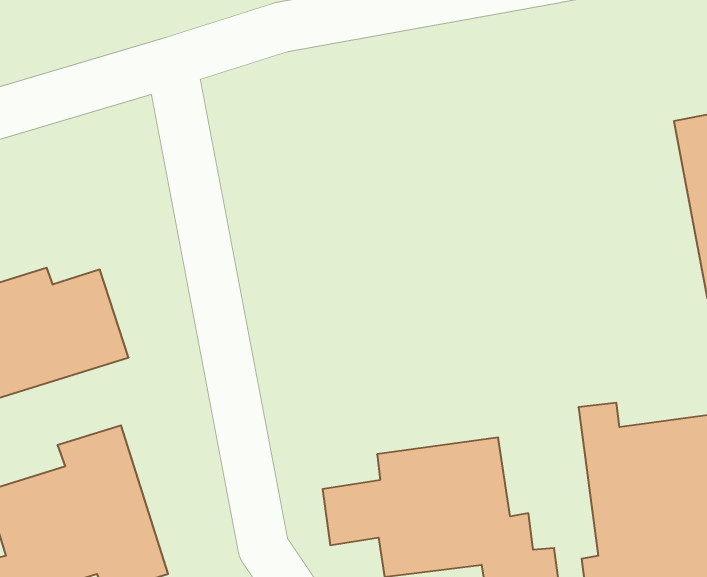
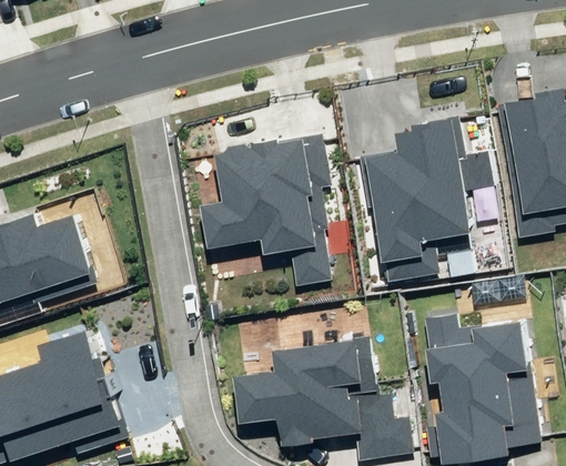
building: none -> [358,123,491,278]
building: none -> [206,132,331,285]

